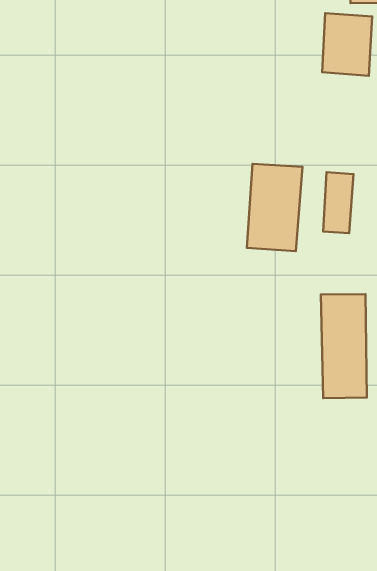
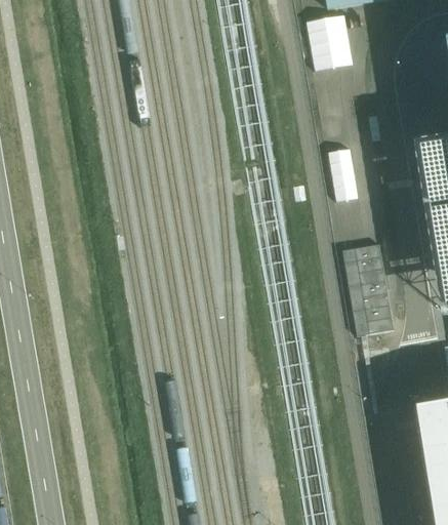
building: [247,164,303,251] -> none

